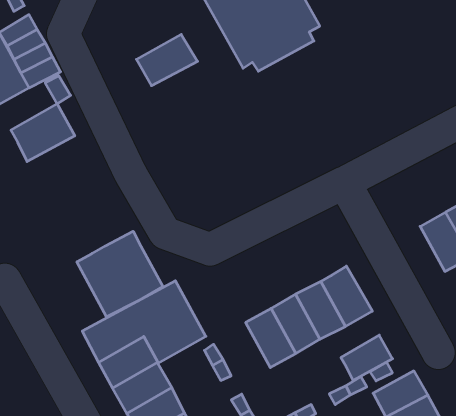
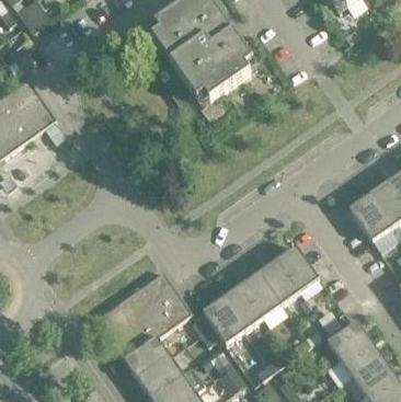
building: [136,34,198,86] -> none
building: [11,104,75,162] -> none
building: [77,231,163,317] -> none
building: none -> [202,298,244,344]
building: [341,335,393,381] -> none

